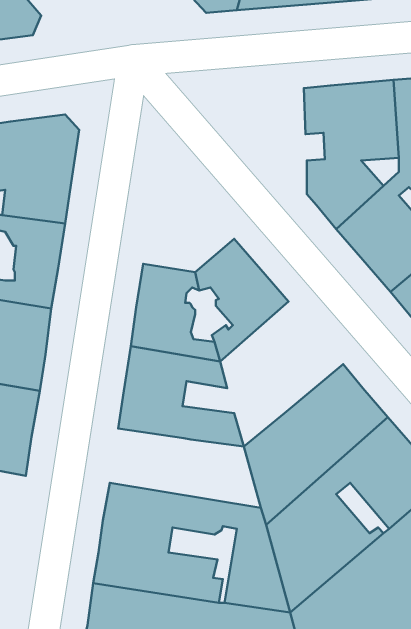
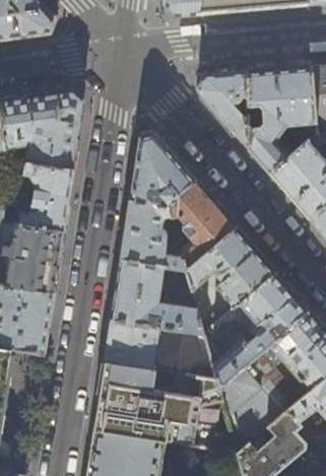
building: none -> [196,72,248,149]
building: none -> [129,133,195,206]
building: none -> [185,227,274,309]
building: none -> [105,320,214,378]

